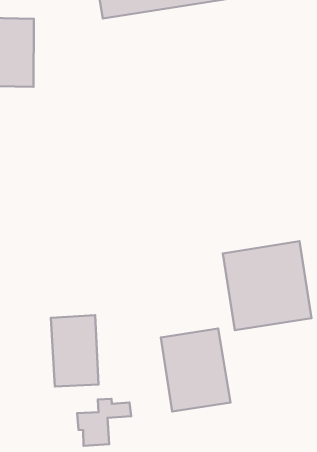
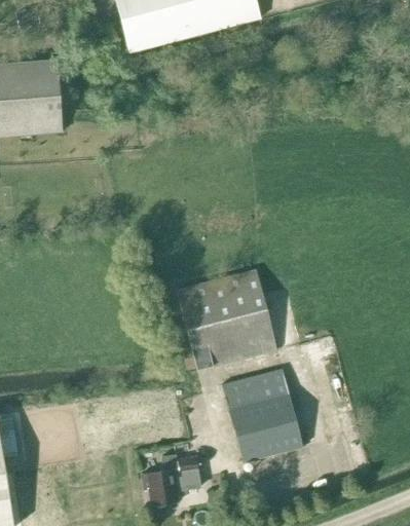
building: [223,241,312,330] -> [177,269,277,370]
building: [51,315,99,387] -> none

